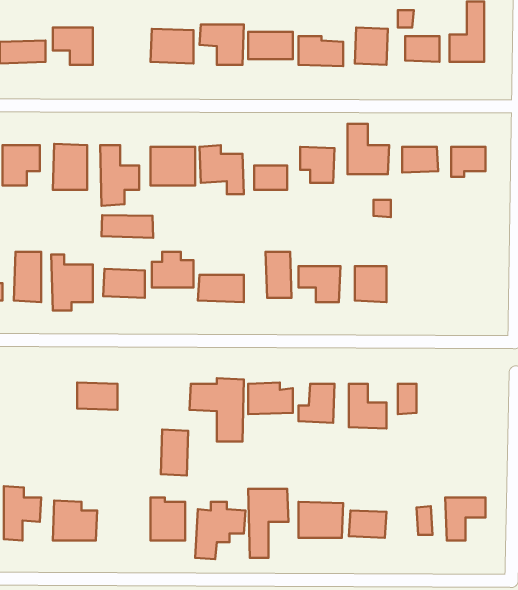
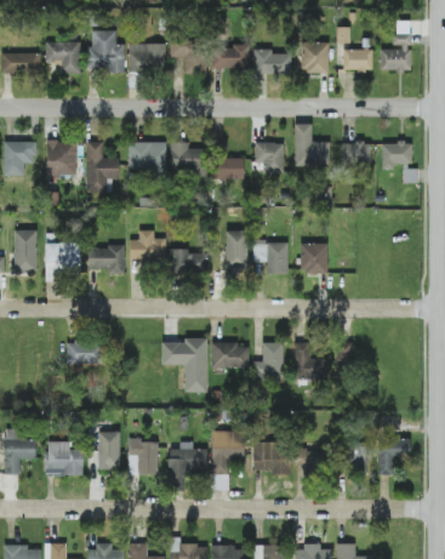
building: none -> [89,29,125,72]
building: [101,215,153,238] -> none
building: [161,429,188,475] -> [97,430,120,469]

